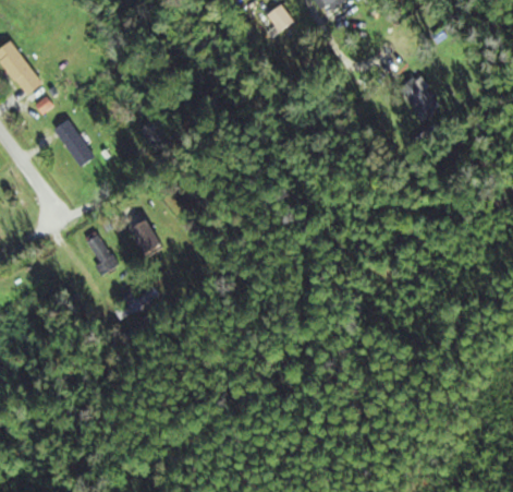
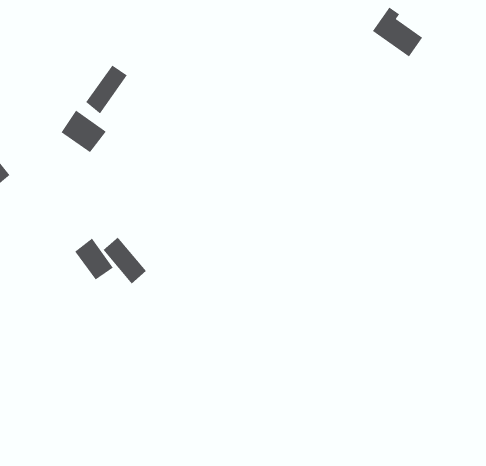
building: none -> [85,65,128,114]
building: [84,232,117,273] -> [102,236,147,284]

